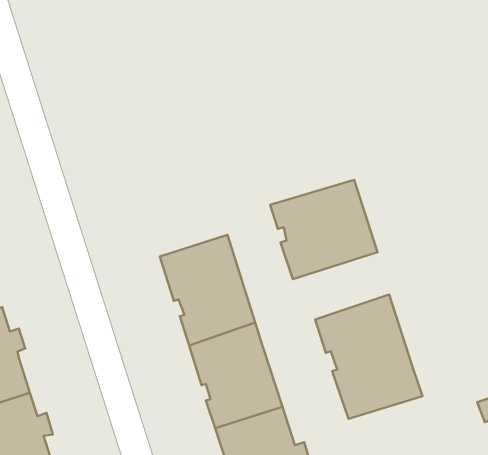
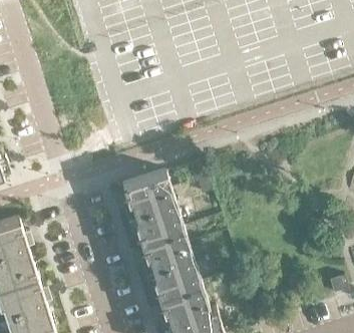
building: [270,180,377,279] -> none
building: [315,294,422,419] -> none

